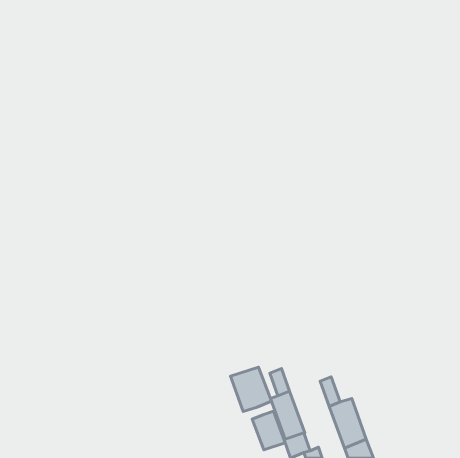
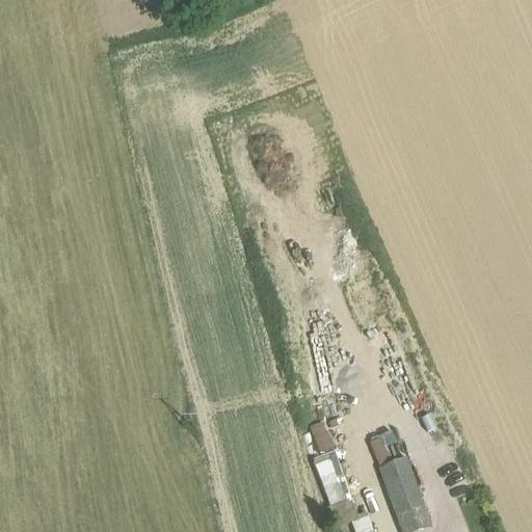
building: [231,367,272,412] -> none
building: [252,411,285,450] -> none

